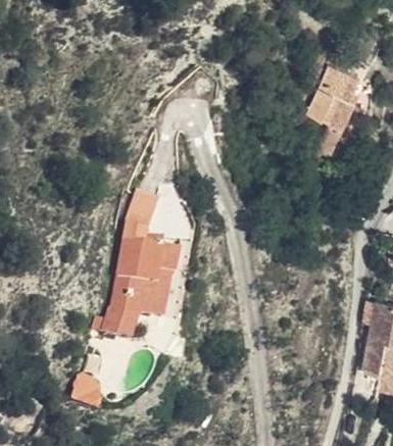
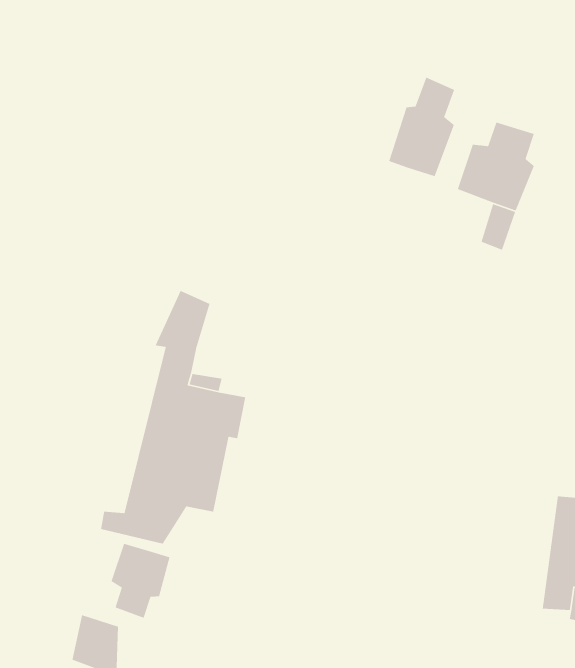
building: none -> [388,77,455,177]
building: none -> [111,543,170,619]

